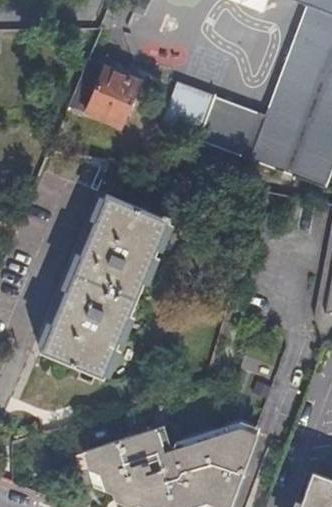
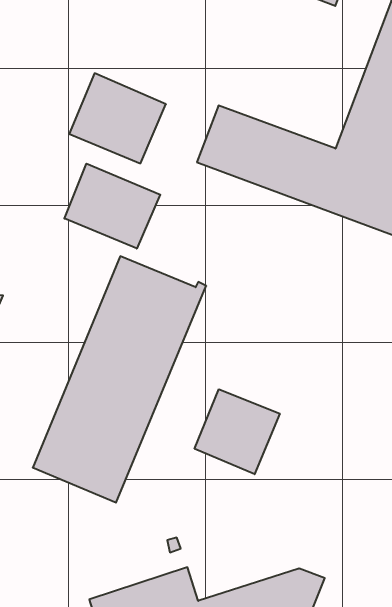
building: none -> [64,164,160,249]
building: none -> [195,389,280,474]

